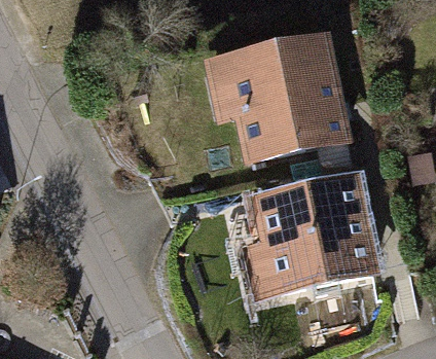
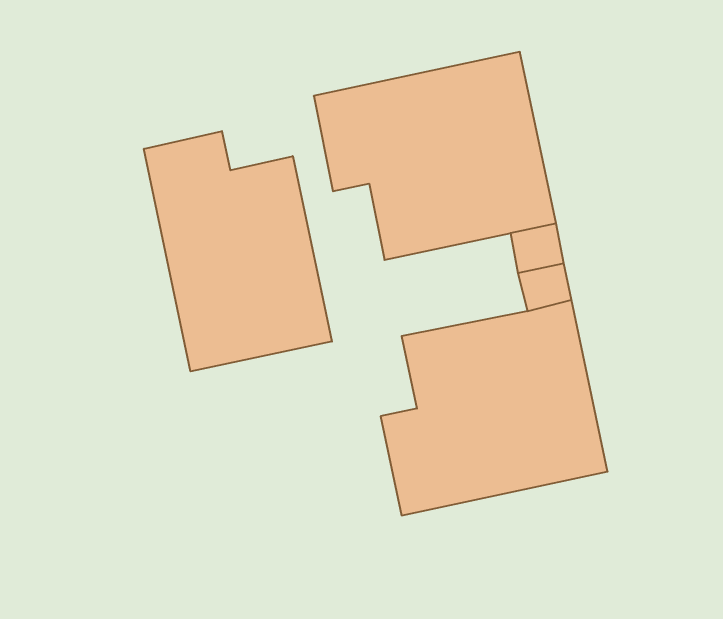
building: none -> [144,131,332,371]

